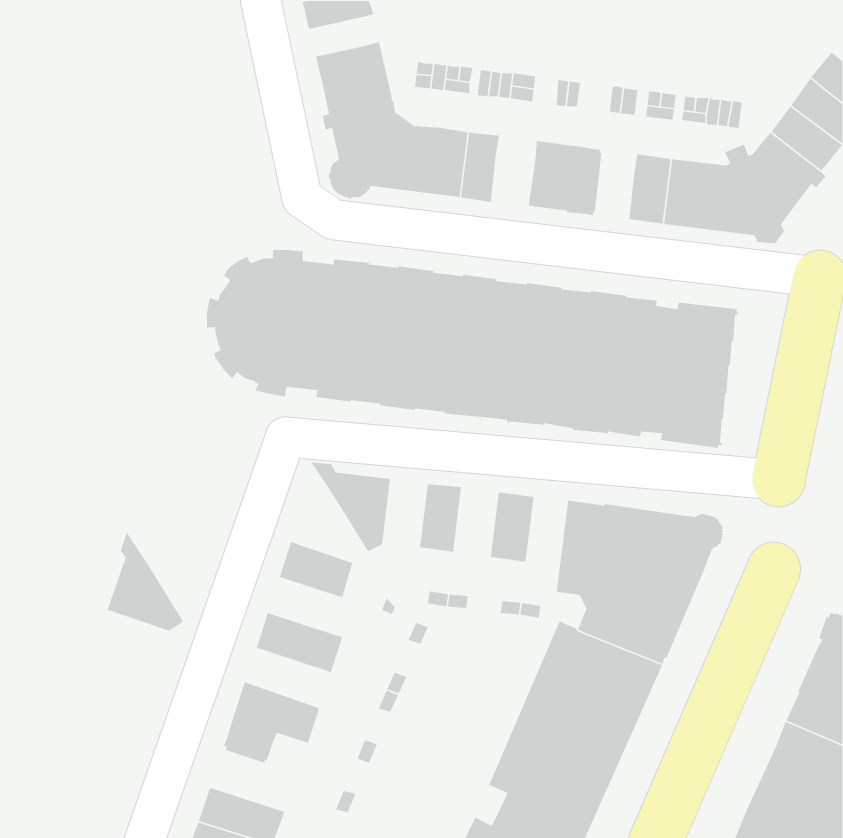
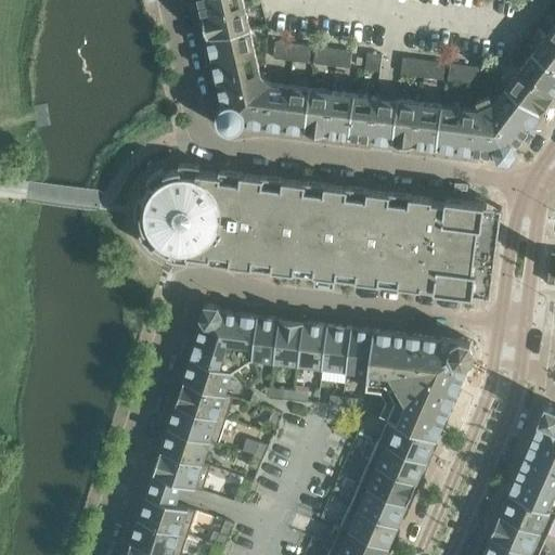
building: none -> [203,13,249,40]
building: none -> [323,92,352,139]
building: none -> [390,101,418,147]
building: none -> [251,318,281,363]
building: none -> [298,323,327,370]
building: none -> [346,330,373,375]
building: [107,531,184,632] -> [191,307,242,373]
building: none -> [176,383,233,422]
building: none -> [160,429,218,468]
building: none -> [138,494,196,537]

